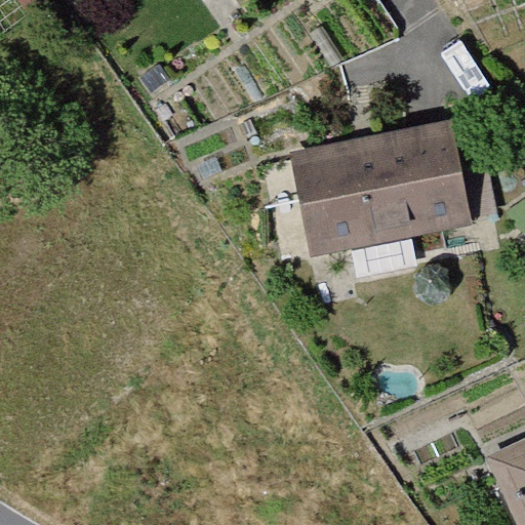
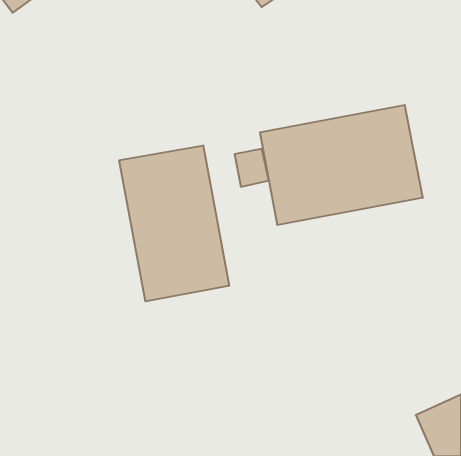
building: none -> [119,145,229,301]

